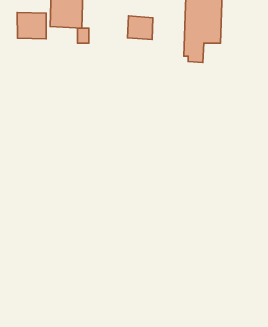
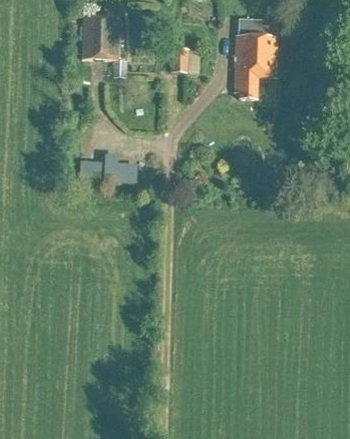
building: [17,12,46,39] -> none
building: none -> [85,159,134,181]

